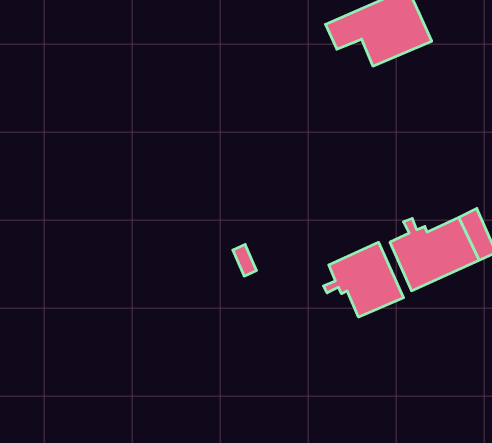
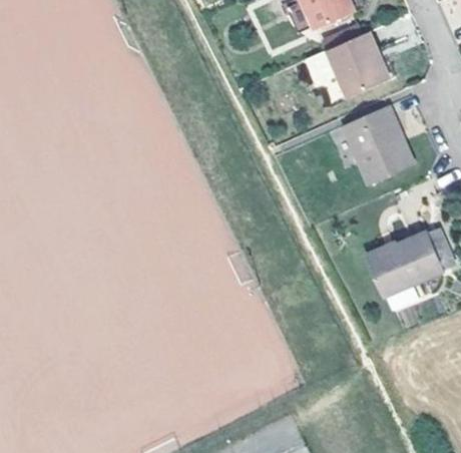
building: none -> [342,107,415,187]
building: [323,242,404,317] -> none

